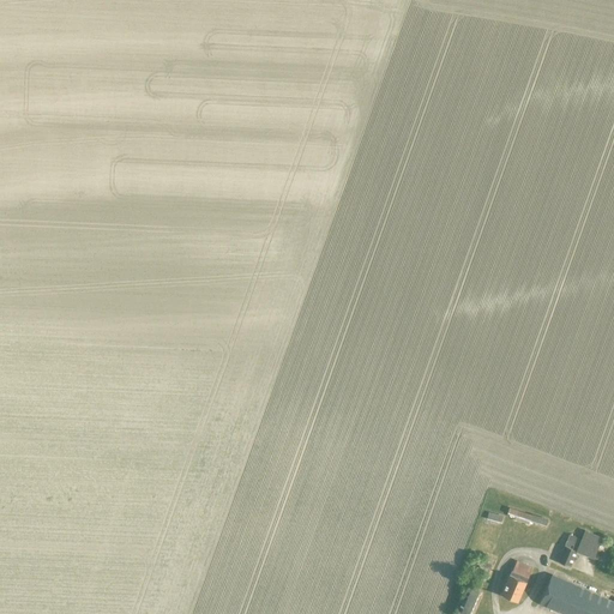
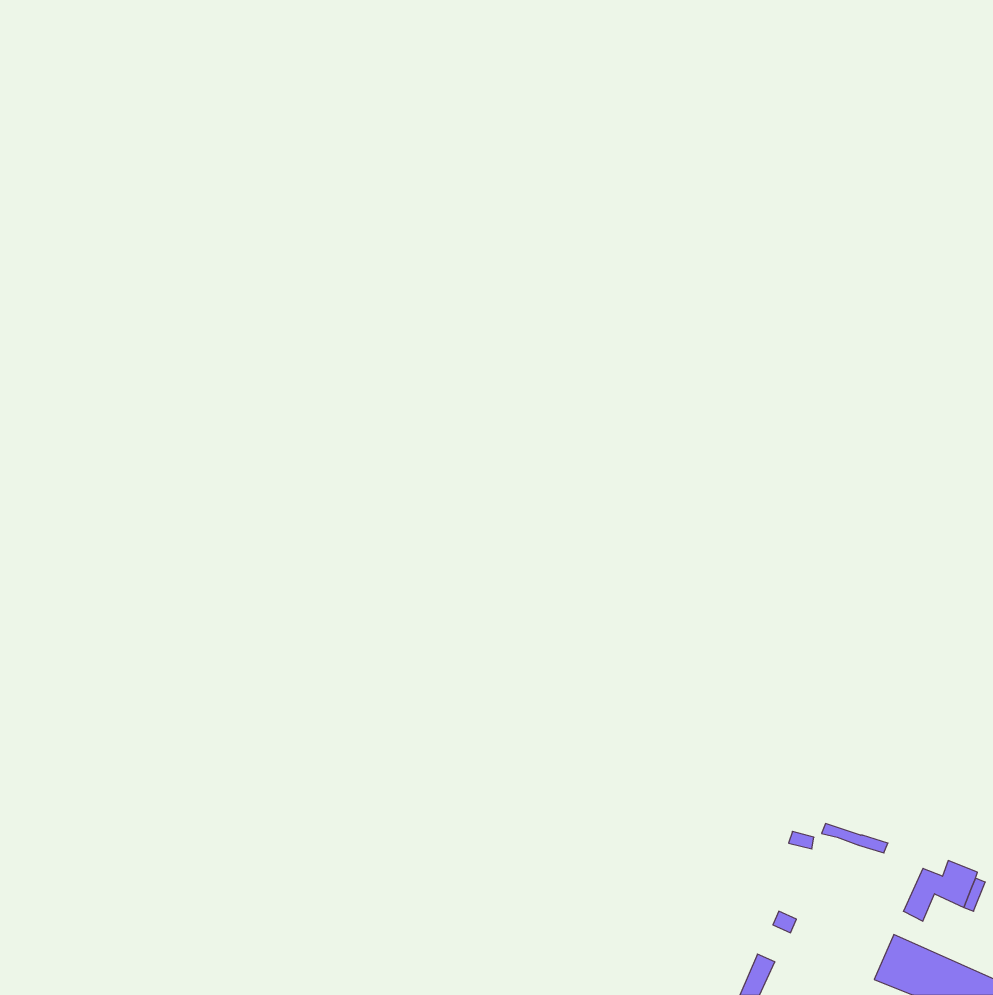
building: [501,561,532,602] -> none

